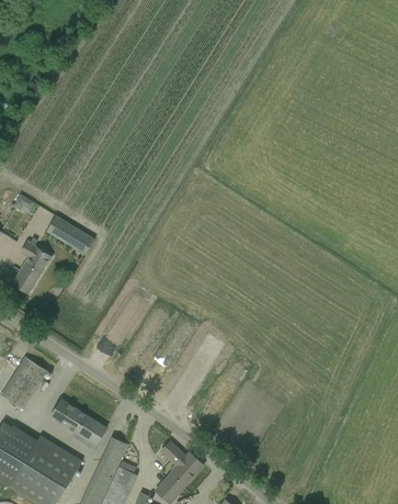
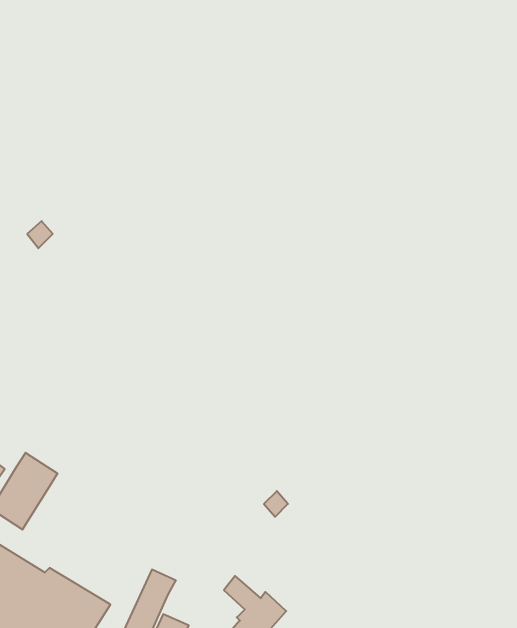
building: [47,215,95,256] -> none
building: [12,239,52,294] -> none
building: [50,400,106,448] -> none

